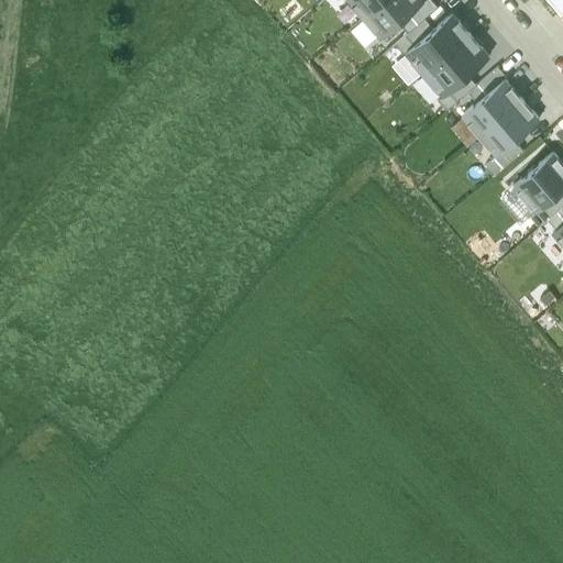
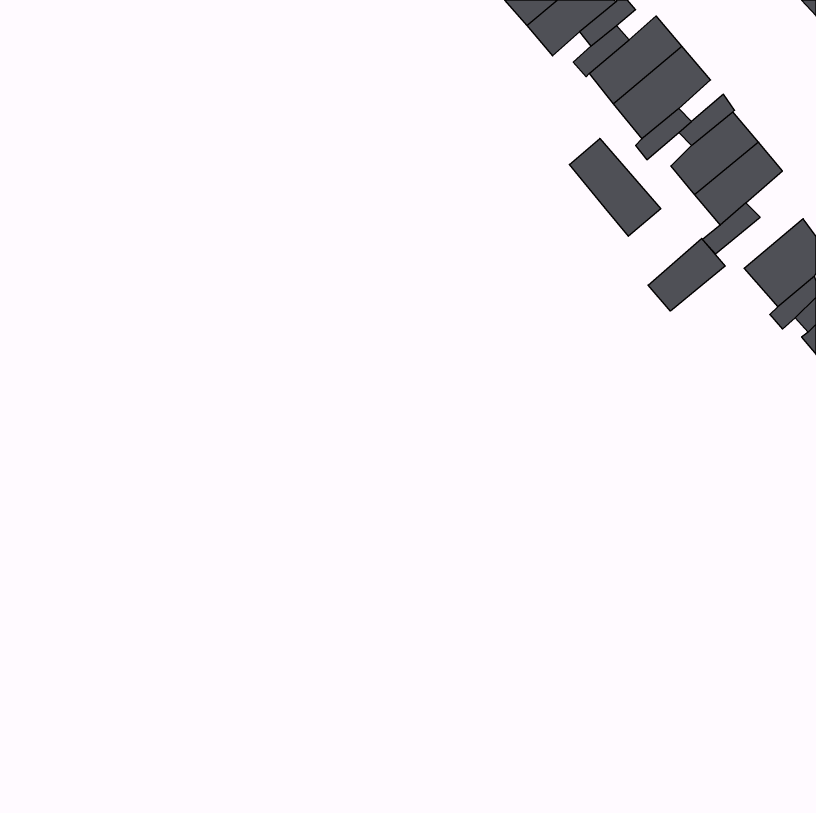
building: none -> [569,138,661,236]
building: none -> [648,238,725,311]

